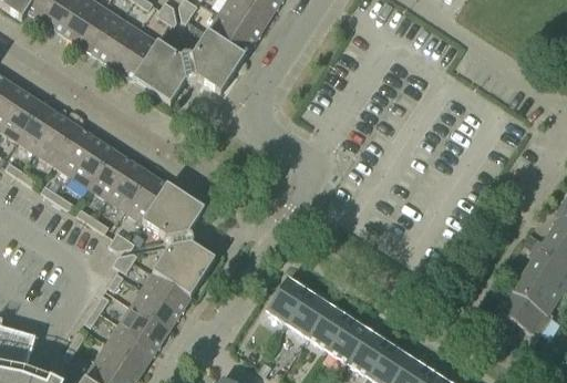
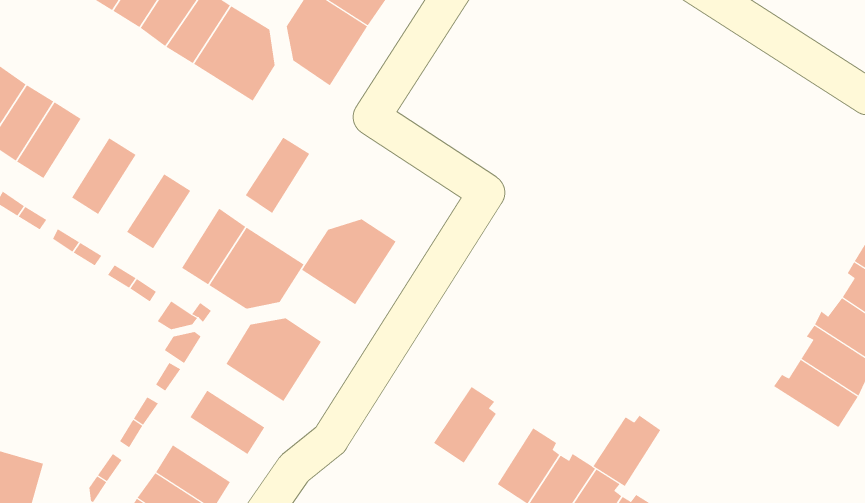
building: [35,114,78,165] -> none
building: [71,137,113,187] -> none
building: [106,161,148,210] -> [245,137,310,214]
building: none -> [301,218,396,305]
building: [141,272,190,313] -> none
building: [266,277,311,323] -> none
building: [497,287,553,337] -> none
building: [307,303,351,350] -> [593,415,661,487]
building: [118,307,167,349] -> none

